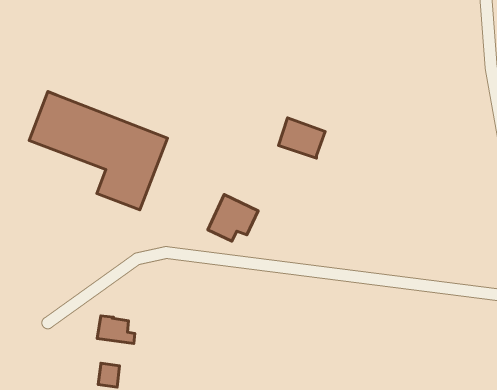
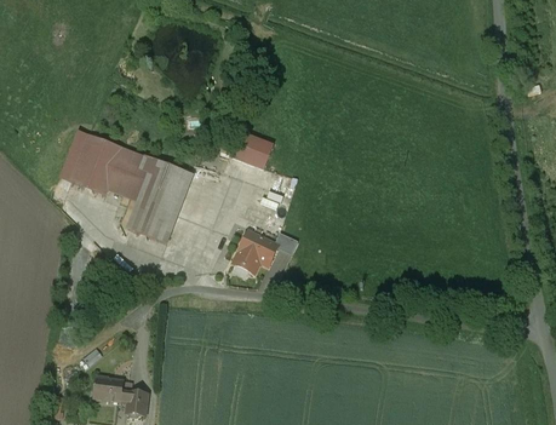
building: [279,118,325,158] -> [228,131,273,170]
building: [97,316,135,343] -> [92,375,128,402]

